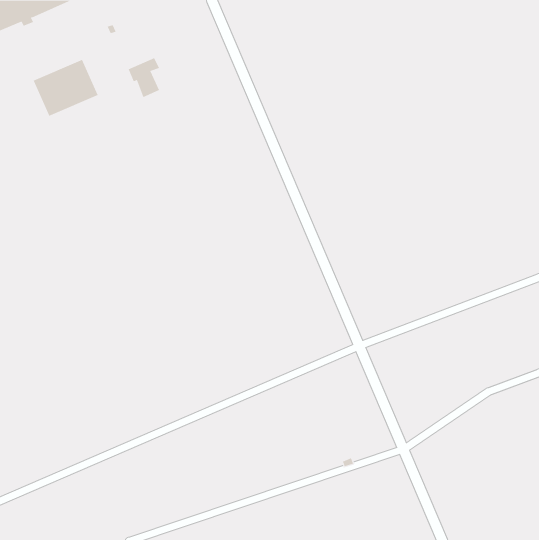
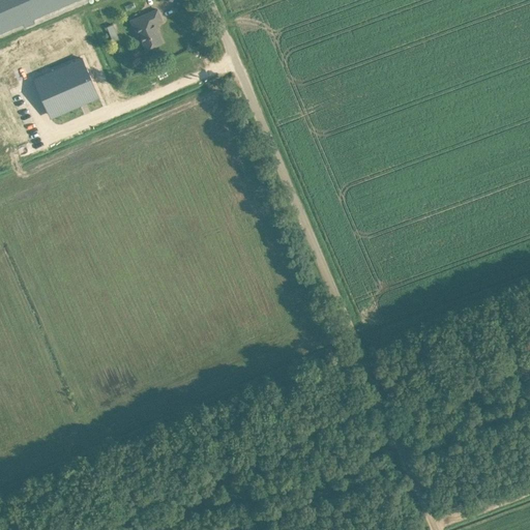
building: [128,57,160,98] -> [129,10,160,50]

